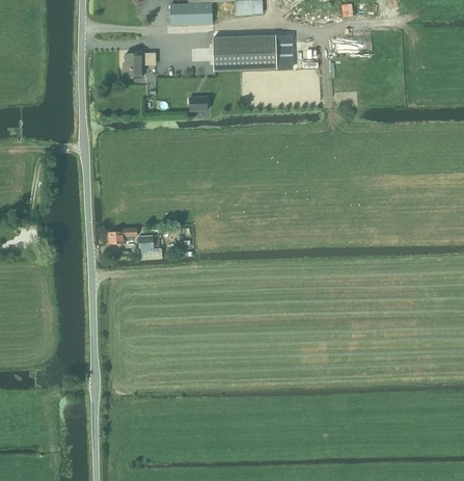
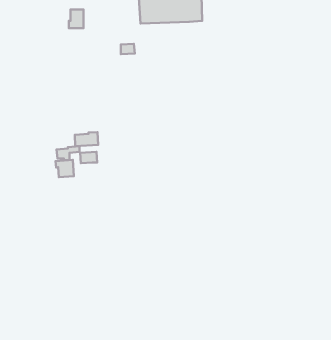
building: none -> [75,132,98,146]
building: none -> [56,160,74,177]

